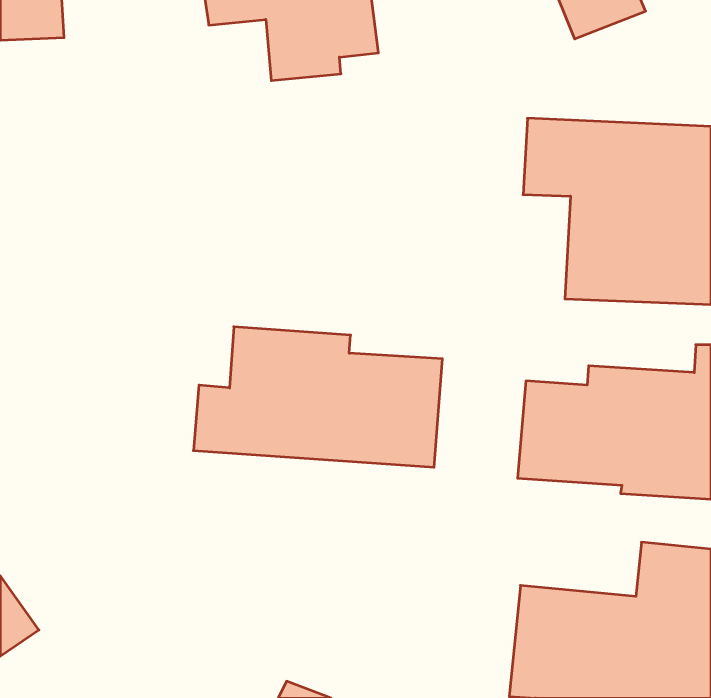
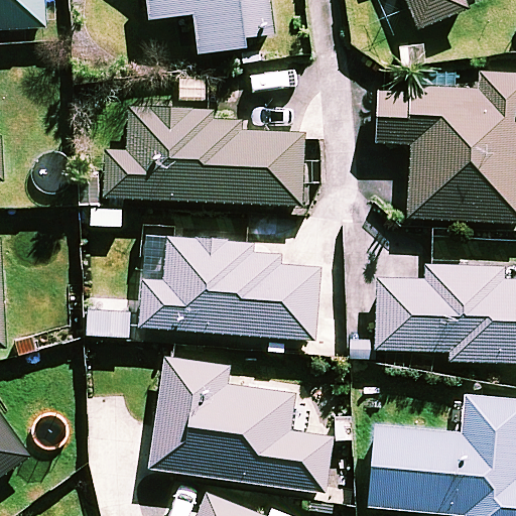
building: none -> [104,108,305,205]
building: none -> [152,355,333,491]

